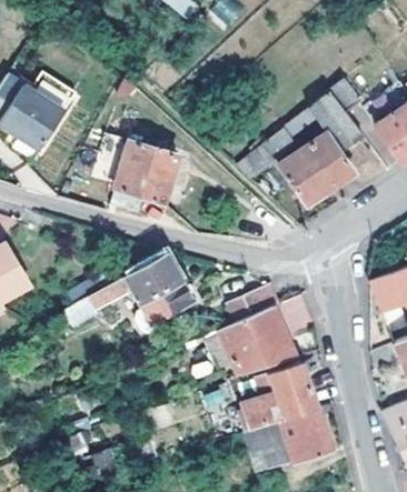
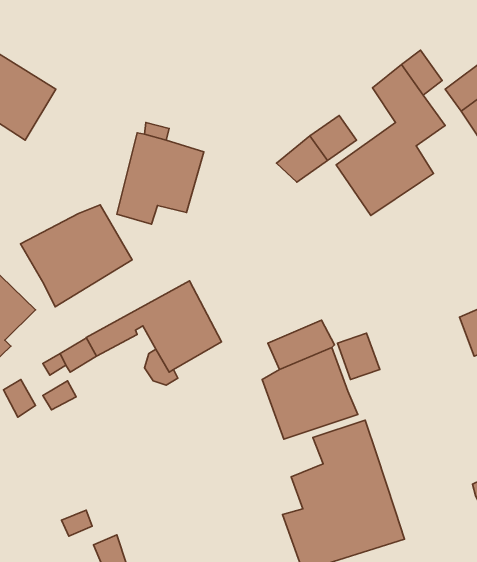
building: none -> [21,205,132,307]

